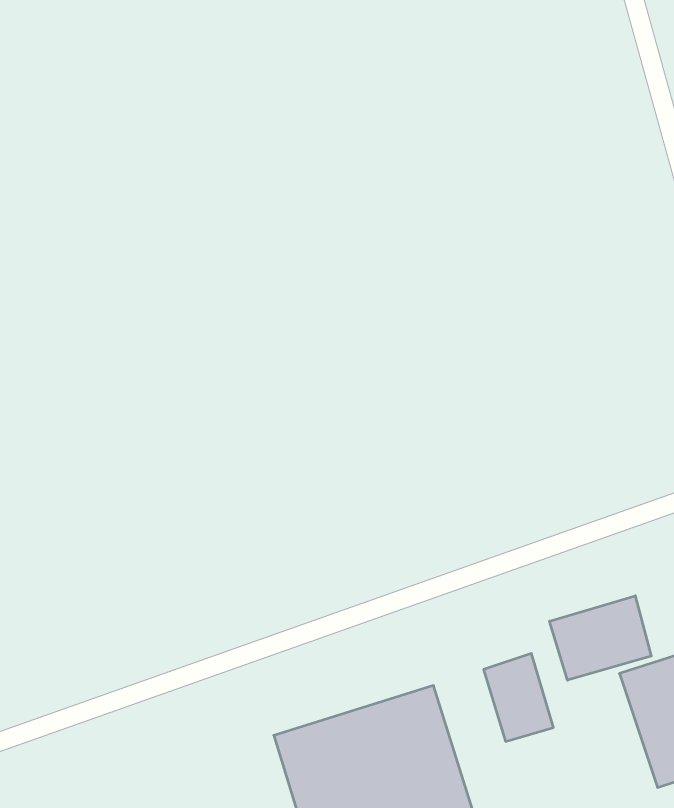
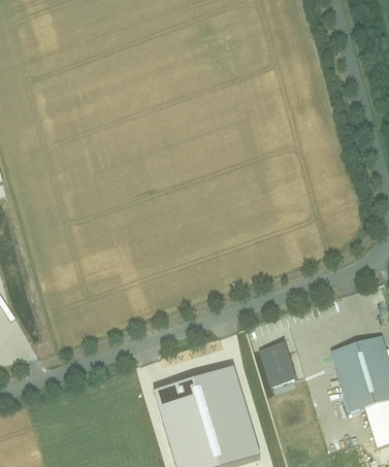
building: [550,596,651,680] -> none

